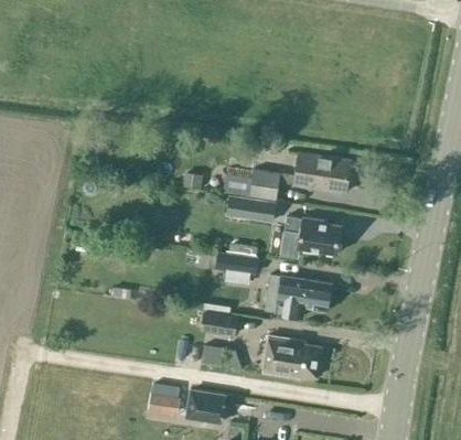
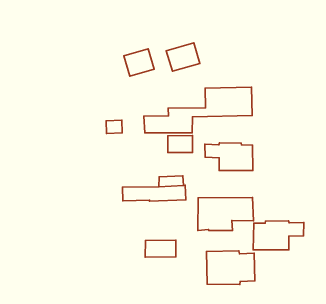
building: none -> [124,49,154,76]
building: none -> [166,43,200,71]
building: none -> [253,221,304,250]

